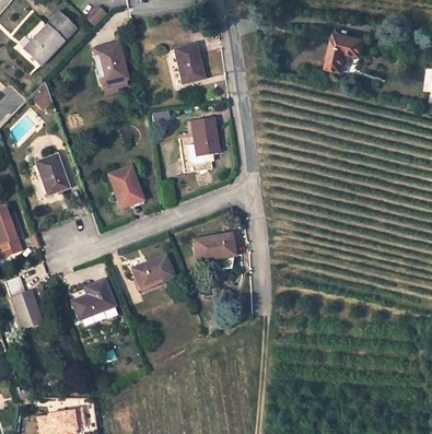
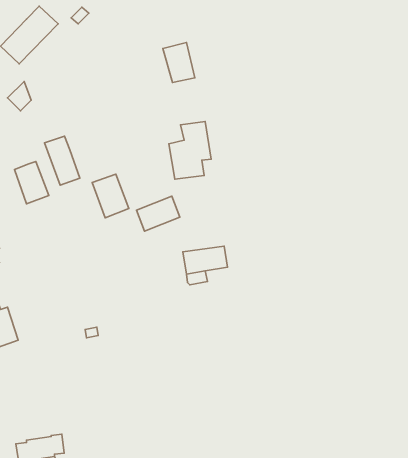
building: [328,31,365,69] -> none
building: [94,42,128,83] -> none
building: none -> [45,136,80,185]
building: [132,255,173,288] -> [136,196,180,231]
building: [72,279,114,318] -> none

